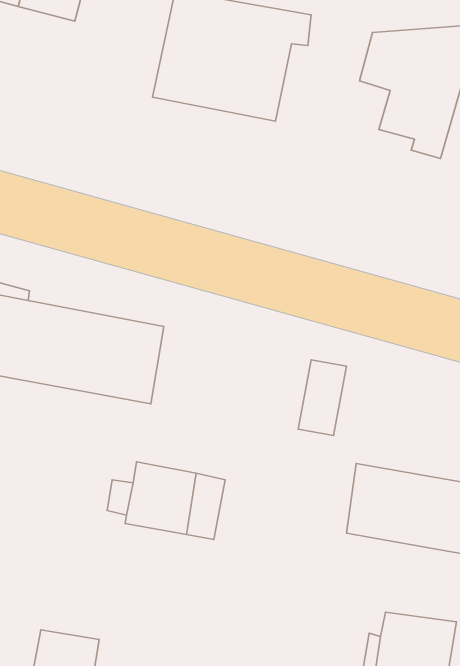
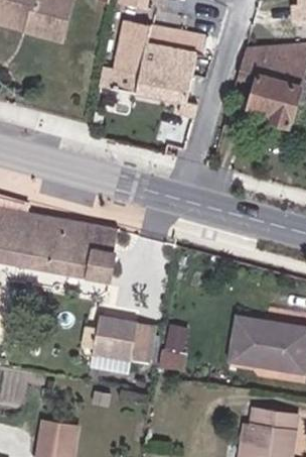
building: [298,360,347,436] -> [164,322,194,369]

